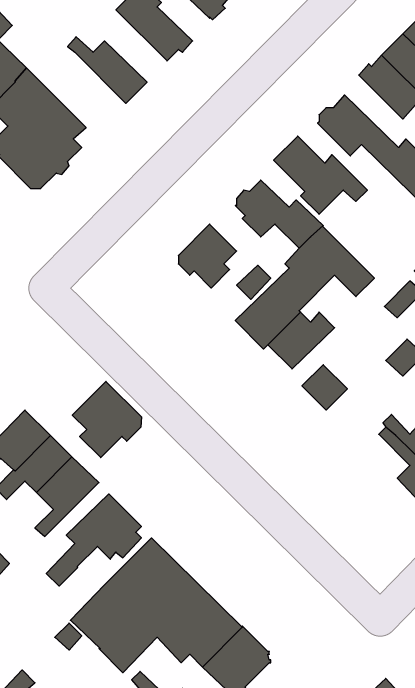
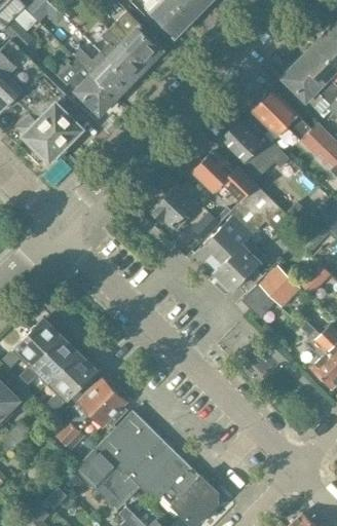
building: none -> [99,29,144,81]
building: none -> [68,60,114,114]
building: none -> [259,266,293,299]
building: [72,381,141,458] -> none

